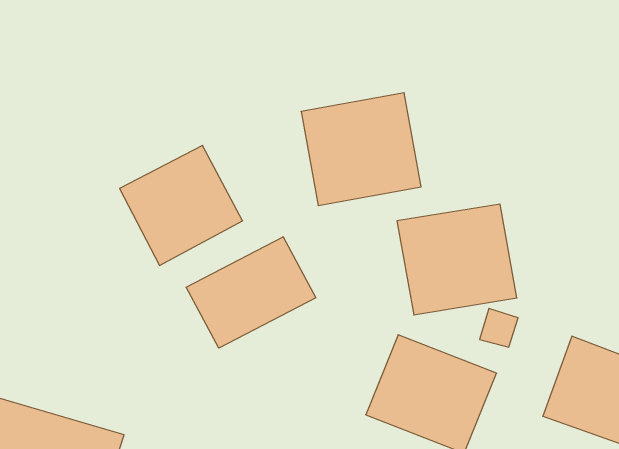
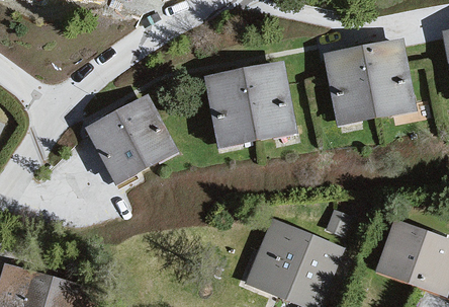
building: [397,204,517,315] -> [332,43,411,116]
building: [186,237,316,348] -> none

